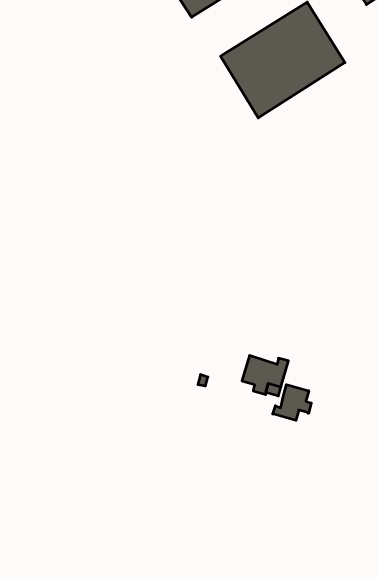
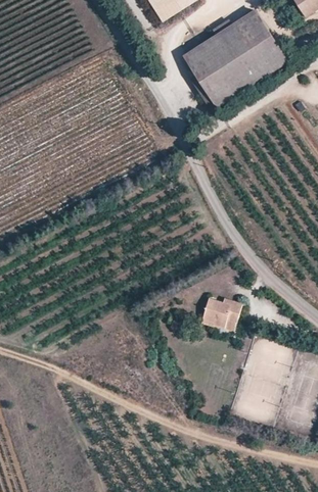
building: [273,385,311,420] -> none

